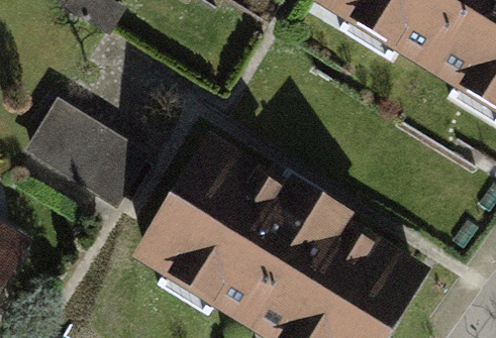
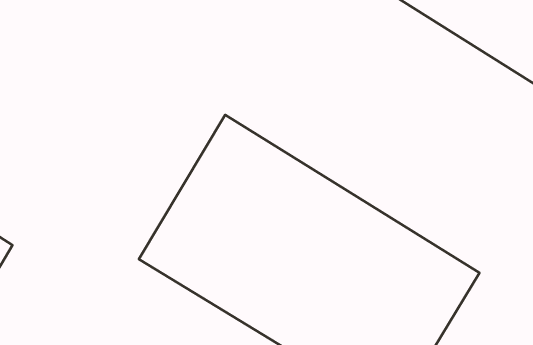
building: [26,94,156,211] -> none

